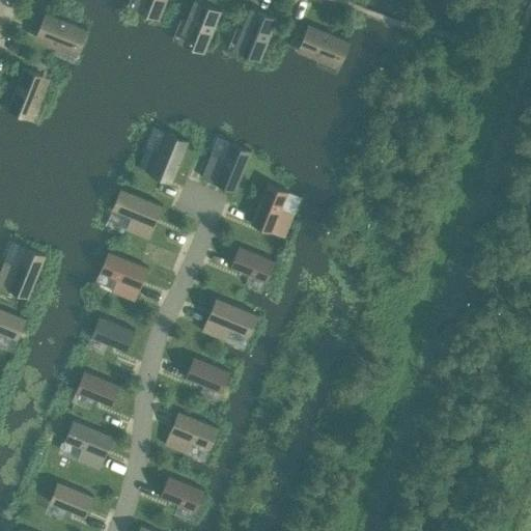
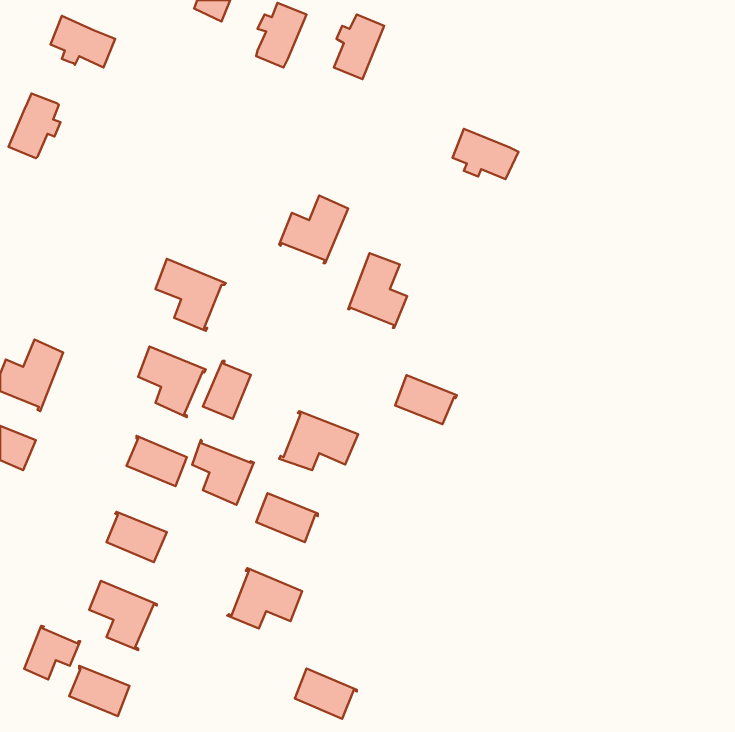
building: [299,25,346,61] -> [452,129,519,179]
building: [137,134,187,183] -> none
building: [230,247,275,282] -> [395,375,457,424]
building: none -> [203,361,251,419]
building: none -> [192,440,254,505]
building: none -> [24,626,80,679]
building: [160,476,204,512] -> [295,668,357,719]

